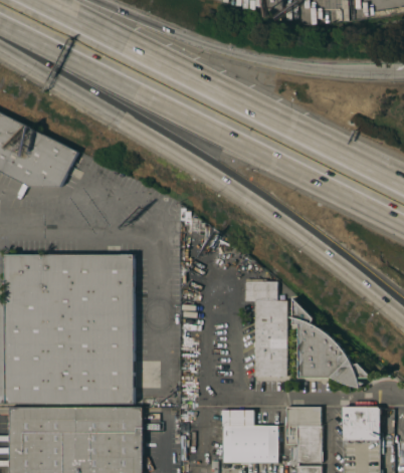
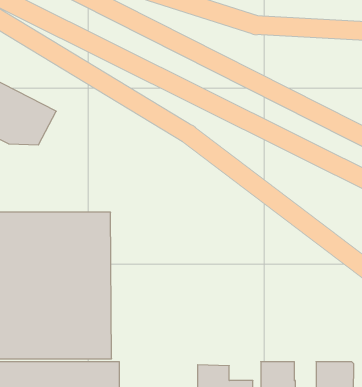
building: [245,279,286,377] -> none
building: [292,297,373,388] -> none

